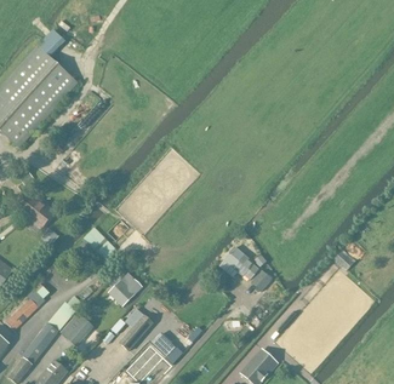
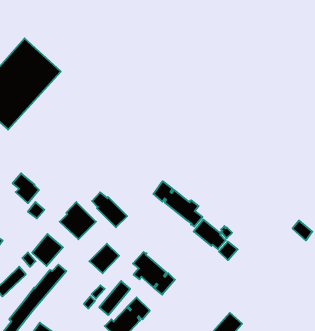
building: none -> [153,181,202,227]
building: none -> [92,192,127,227]
building: none -> [133,252,175,295]
building: [61,311,95,346] -> [32,234,63,266]

